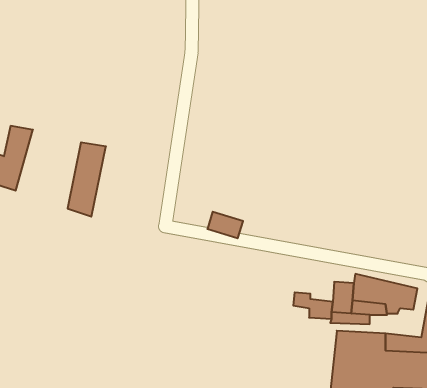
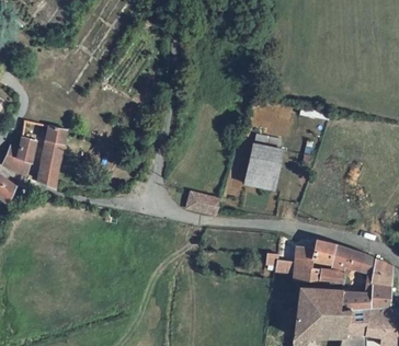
building: [68,142,106,217] -> [39,122,71,183]
building: none -> [240,147,278,196]

